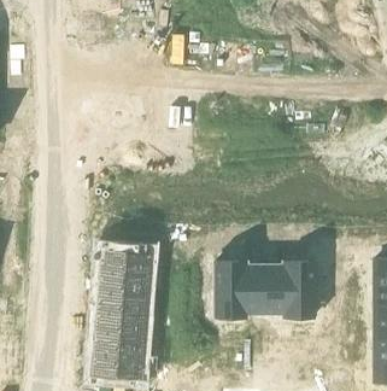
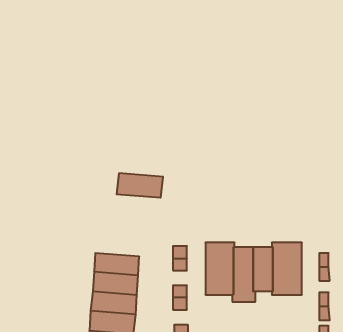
building: [101,249,149,274] -> [117,173,163,198]

